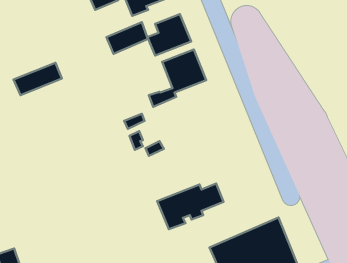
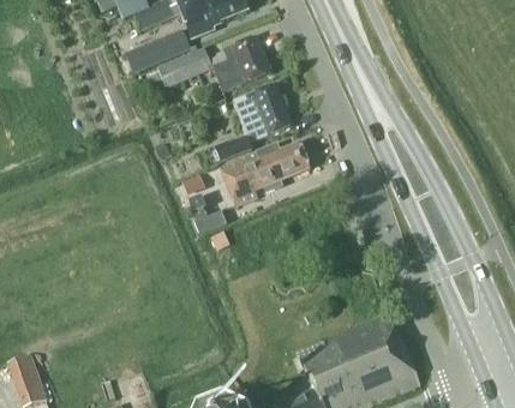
building: [13,63,62,95] -> [124,29,190,73]
building: [157,183,223,229] -> [218,142,309,204]

